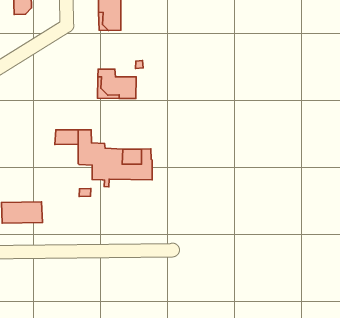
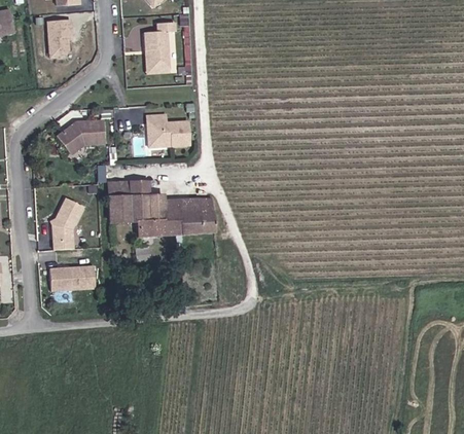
building: none -> [57,119,104,154]
building: none -> [49,196,82,248]
building: none -> [104,197,131,220]

